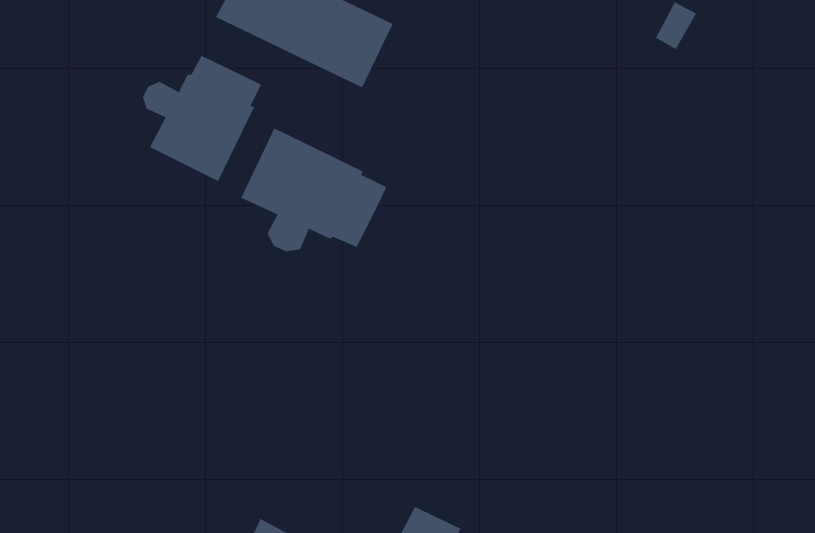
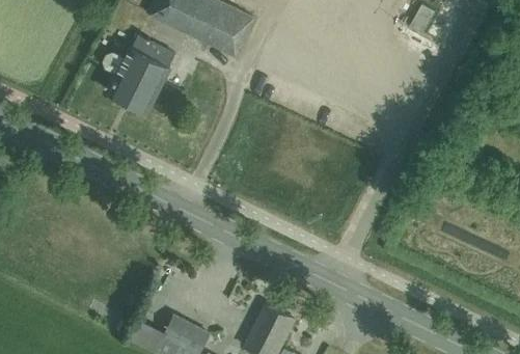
building: [240,127,387,252] -> none

